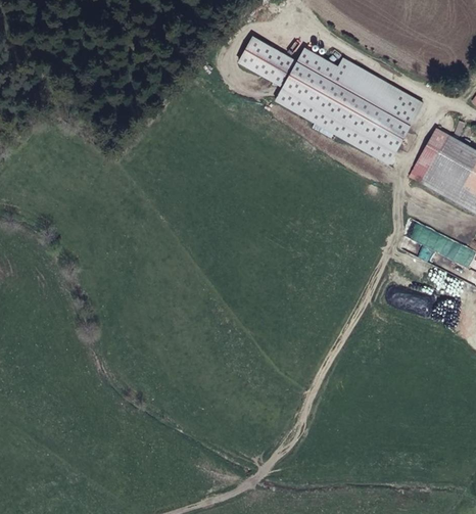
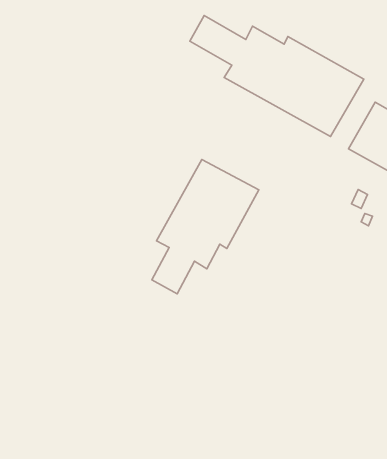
building: none -> [152,160,259,294]

